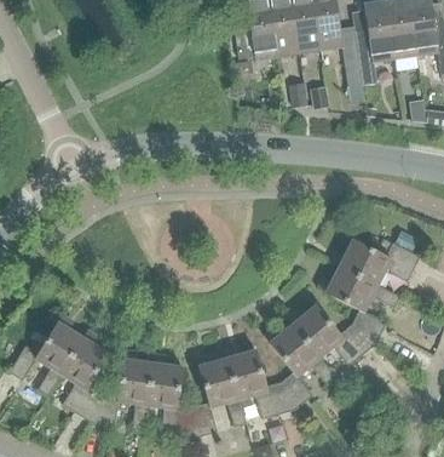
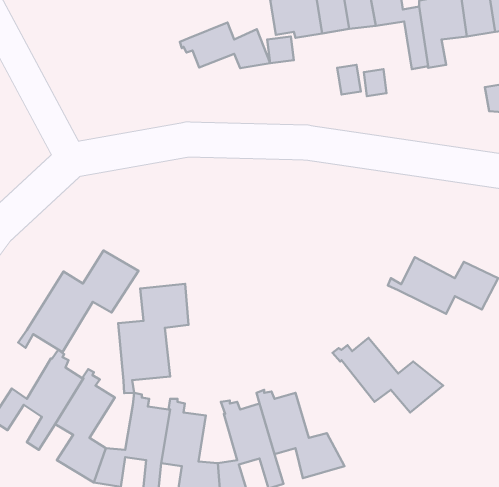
building: none -> [180,22,270,68]
building: none -> [18,250,138,352]
building: none -> [118,284,188,393]
building: [317,267,399,344] -> none
building: [264,324,335,410] -> none

